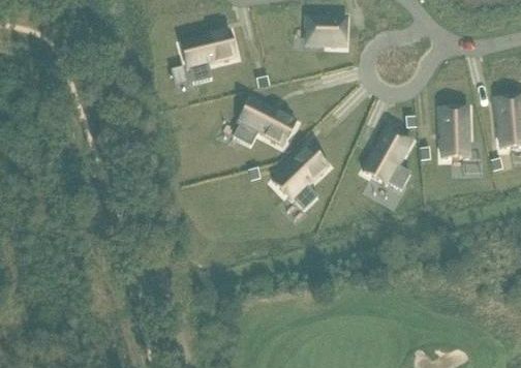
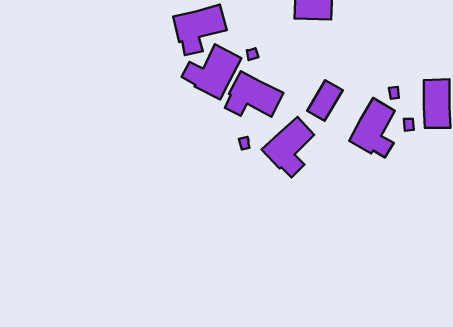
building: none -> [181,44,241,100]
building: none -> [307,80,343,121]

